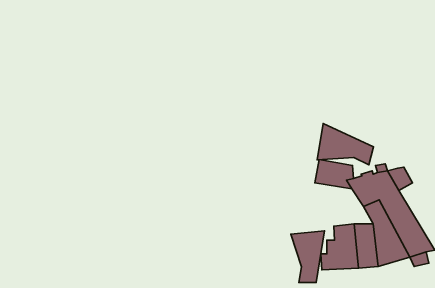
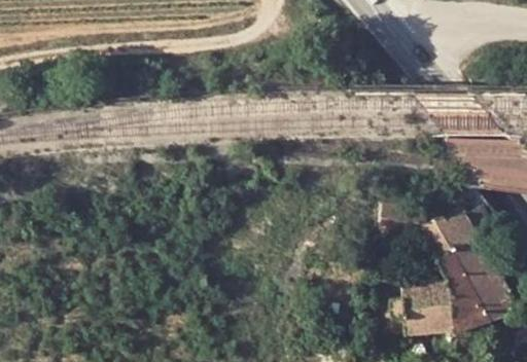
building: [317,123,374,165] -> none
building: [291,231,325,283] -> none

